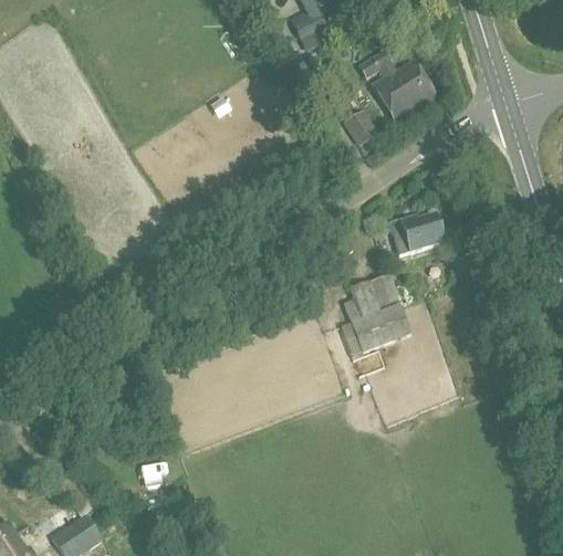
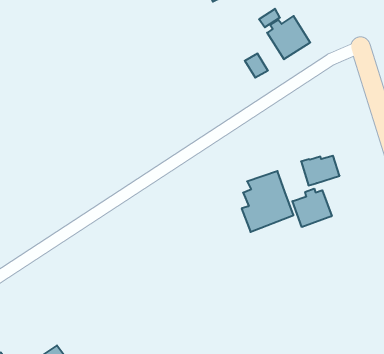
building: [388,214,441,255] -> [301,156,340,185]
building: none -> [292,189,332,227]

